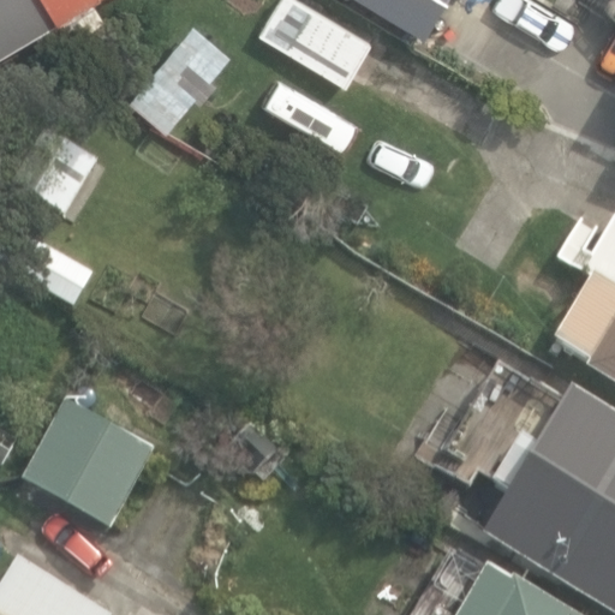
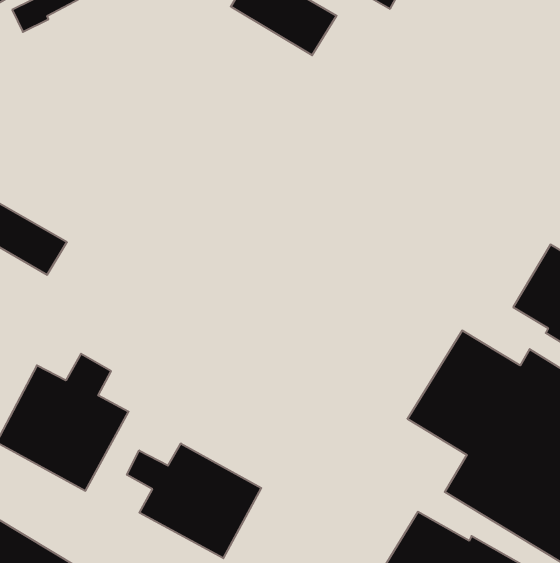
building: none -> [127,443,261,558]

